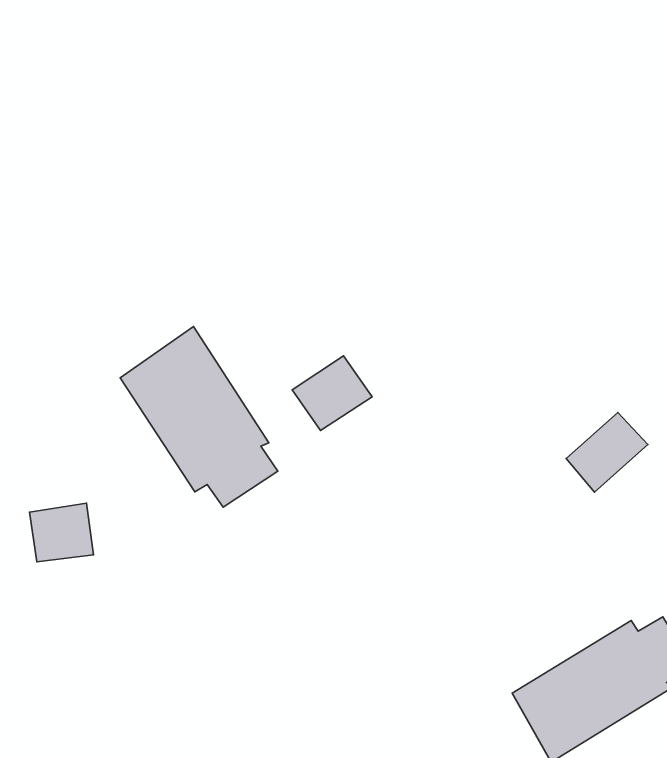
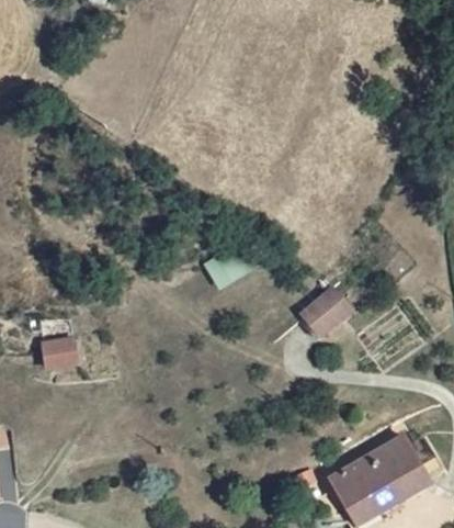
building: [120,327,278,507] -> none
building: [566,412,648,492] -> [306,278,356,327]

